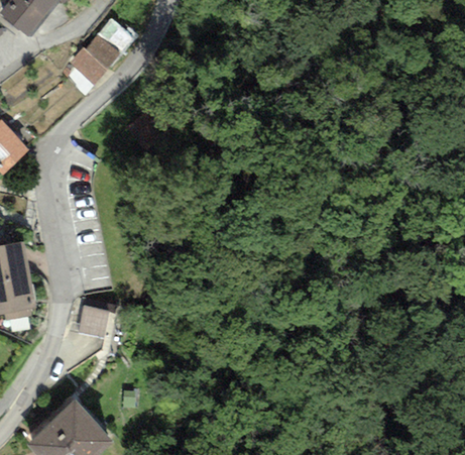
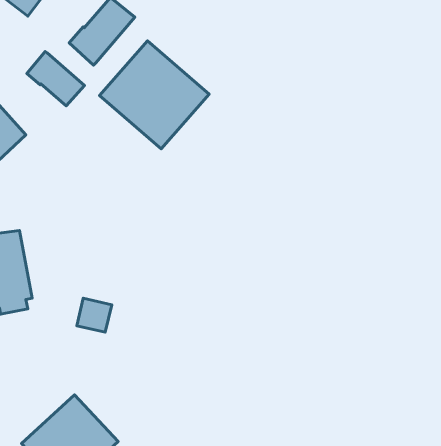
building: none -> [100,41,209,149]
building: none -> [27,51,84,106]

